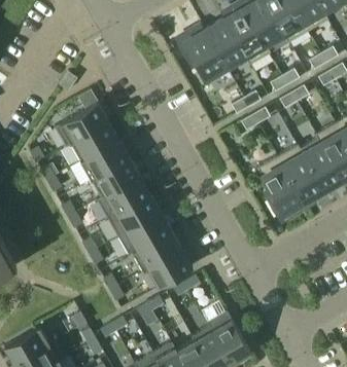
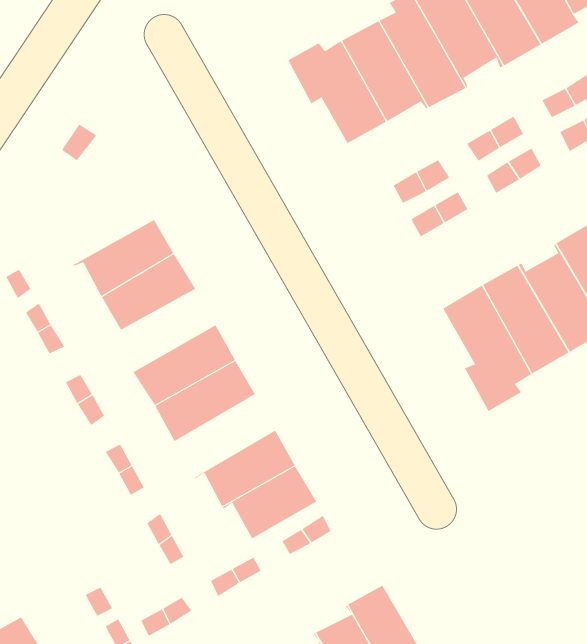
building: [55,102,108,145] -> none
building: [91,157,140,200] -> none
building: [118,212,171,255] -> none

